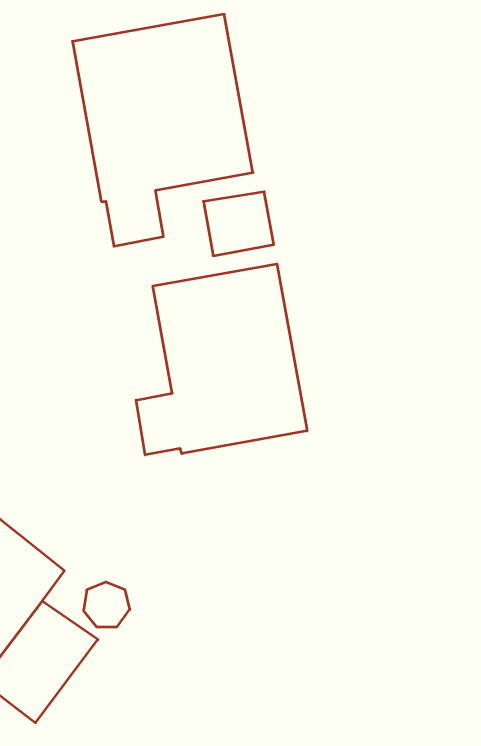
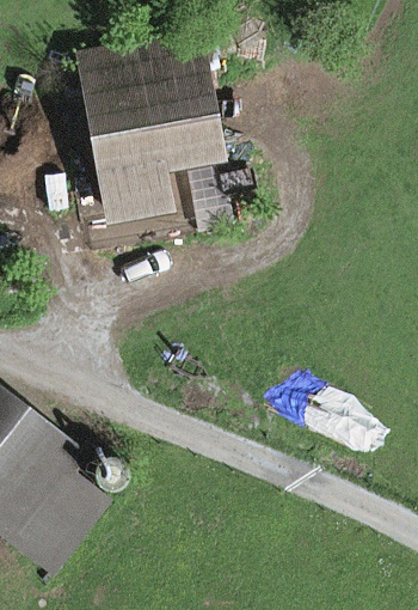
building: [136,264,307,455] -> none

